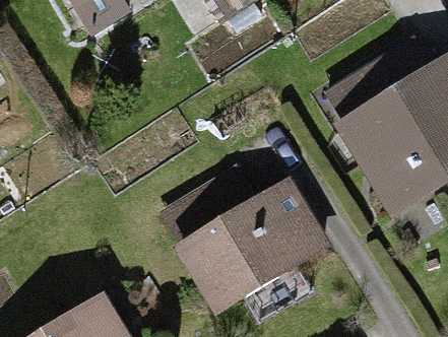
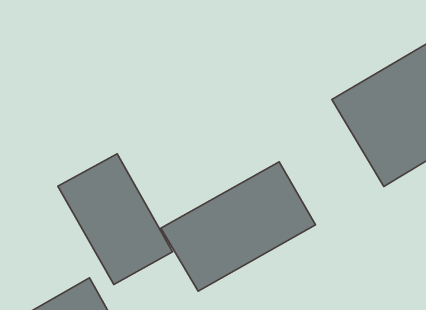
building: none -> [58,154,173,285]

